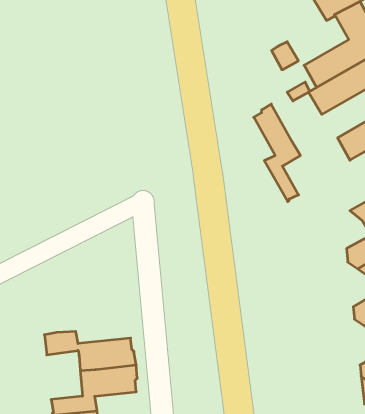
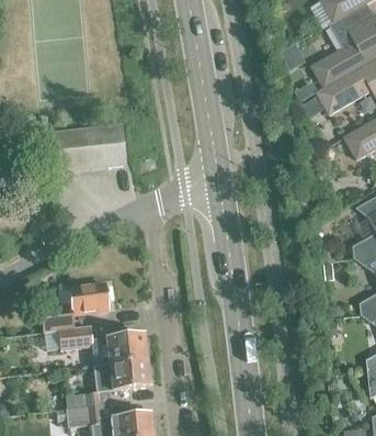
building: [254,104,300,202] -> none
building: none -> [50,124,124,171]
building: none -> [39,283,109,332]

